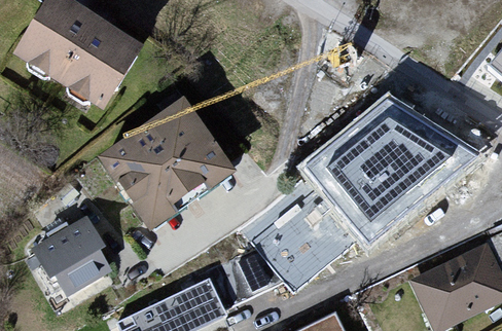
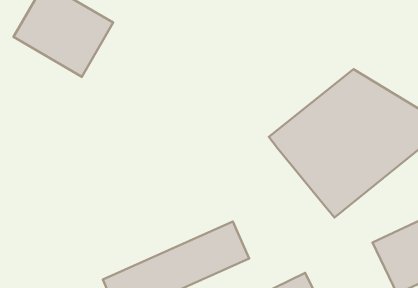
building: [107,107,228,226] -> none
building: [241,178,357,293] -> none
building: [40,227,101,294] -> none

